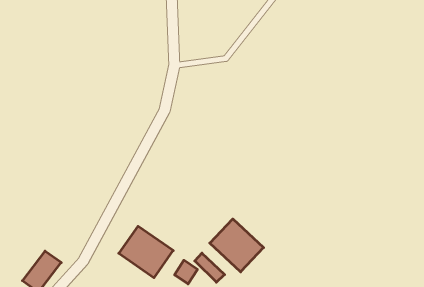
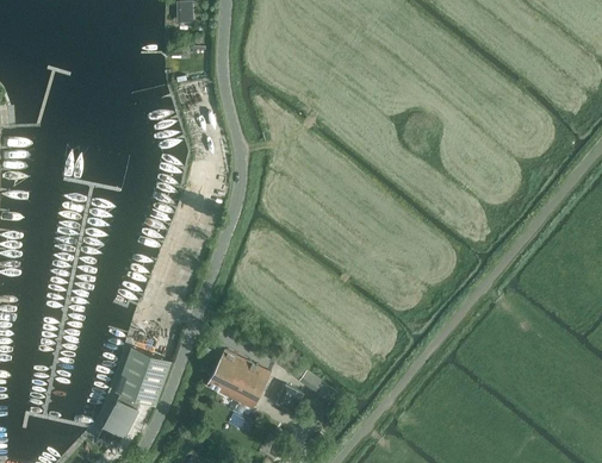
building: none -> [113,350,170,409]
building: [210,219,264,272] -> none

